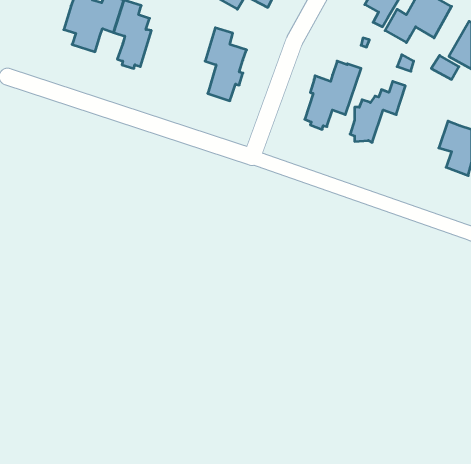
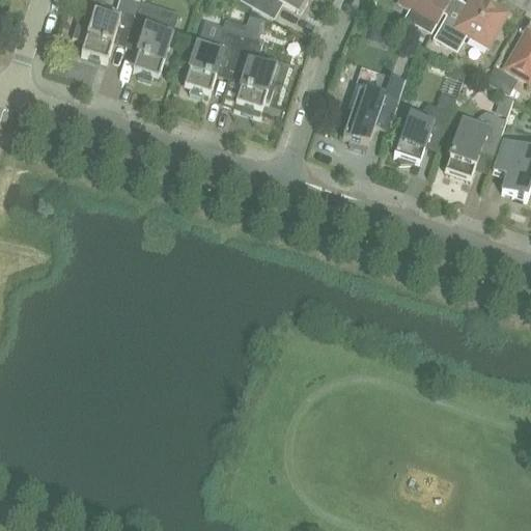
building: none -> [185,17,247,92]
building: none -> [445,110,507,177]

